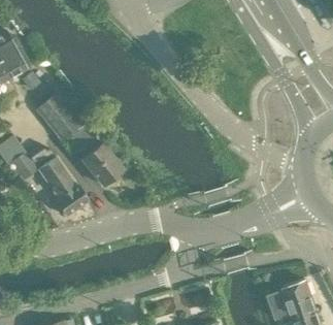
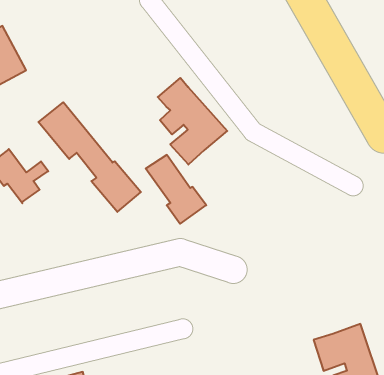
building: none -> [158,78,227,165]
building: [37,158,88,216] -> [146,155,206,224]

